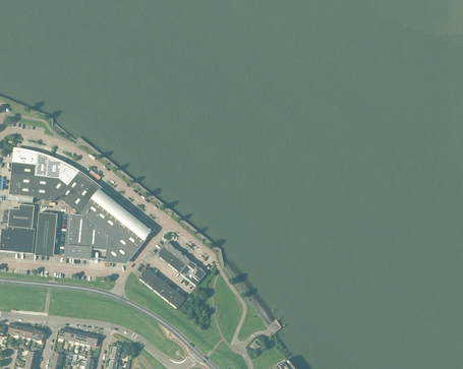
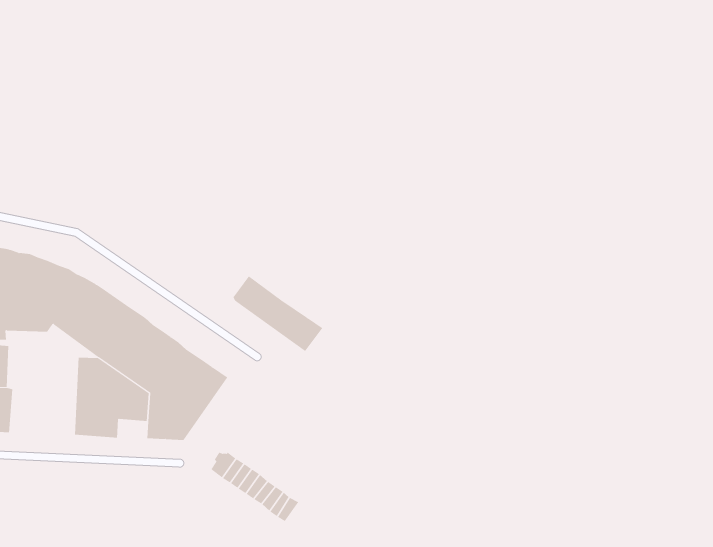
building: [35,211,57,254] -> none
building: [158,242,206,285] -> [233,275,323,352]

